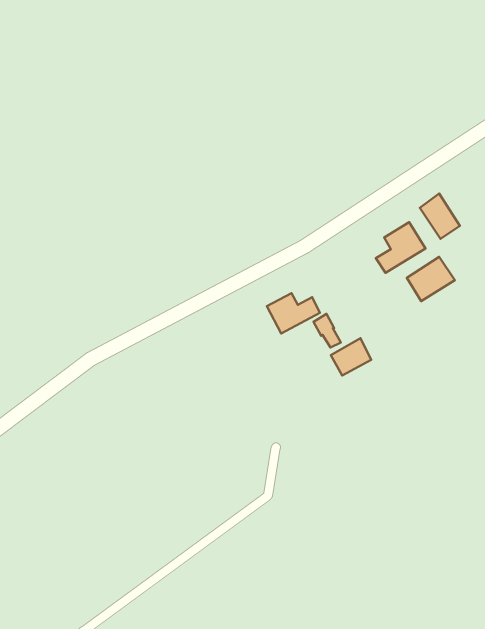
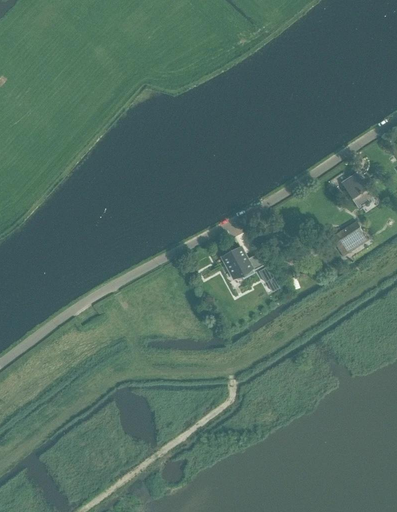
building: [376,222,426,273] -> none
building: [331,338,371,376] -> none

